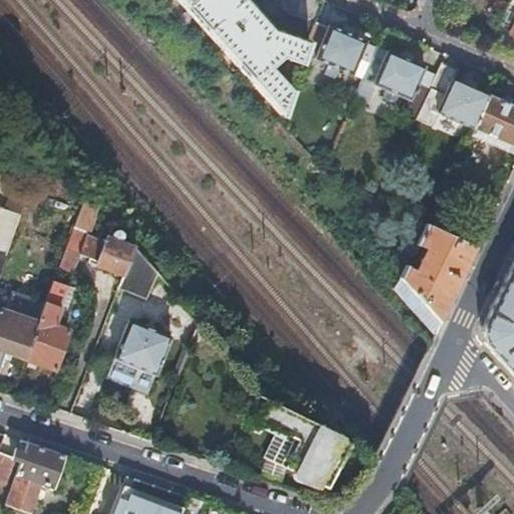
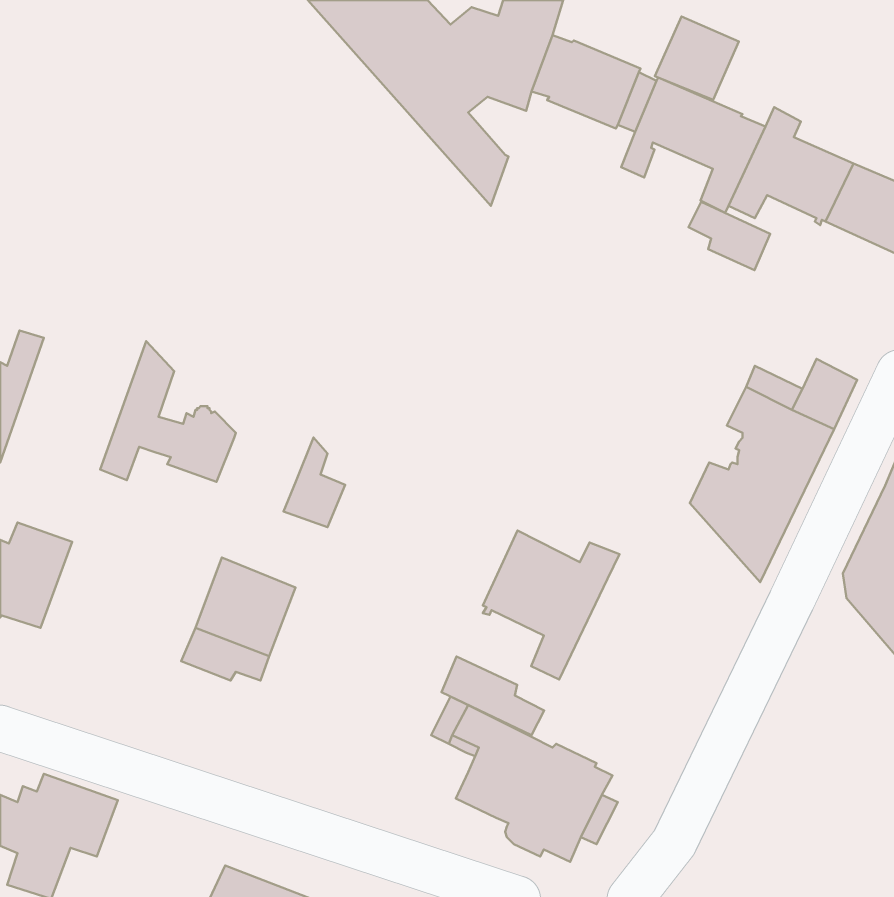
building: none -> [655,16,739,100]
building: none -> [689,202,770,270]
building: [119,251,155,302] -> [283,438,345,527]
building: [26,281,70,369] -> none
building: none -> [483,530,619,680]
building: none -> [441,657,544,735]

